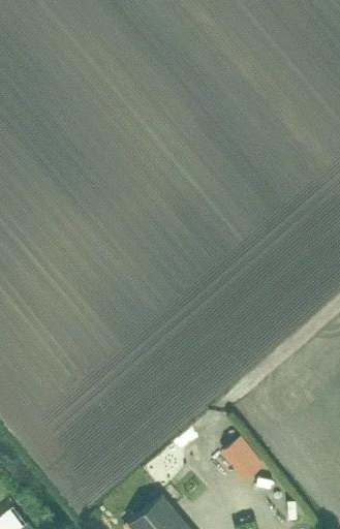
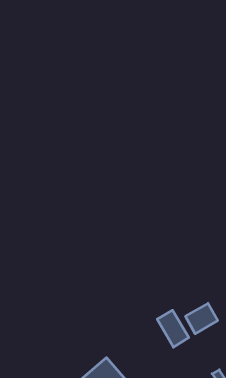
building: none -> [186,303,218,334]

